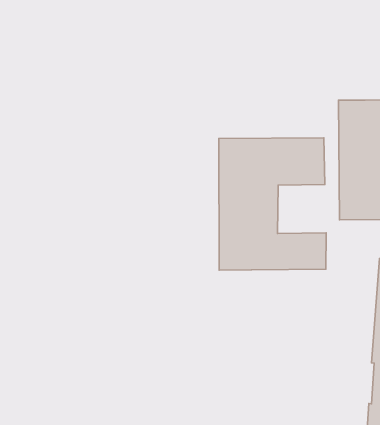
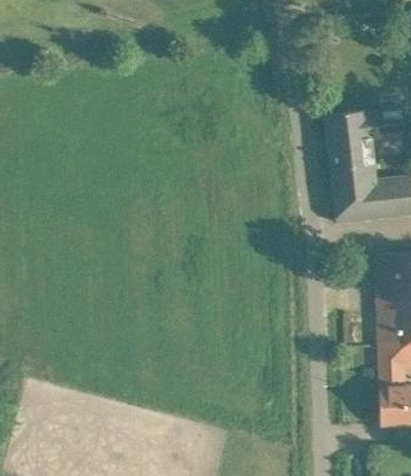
building: [219,138,326,270] -> none

